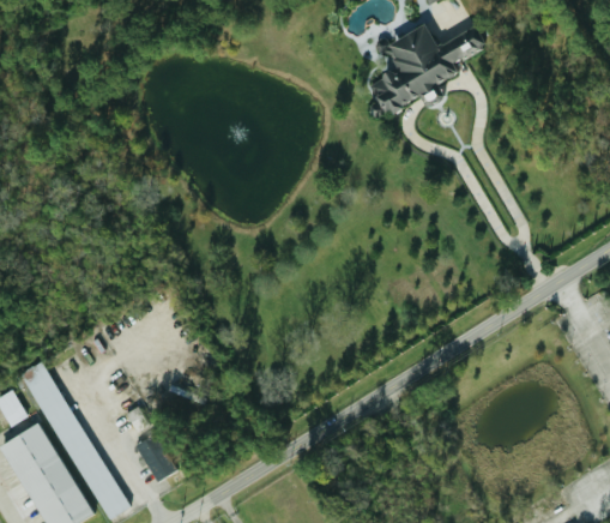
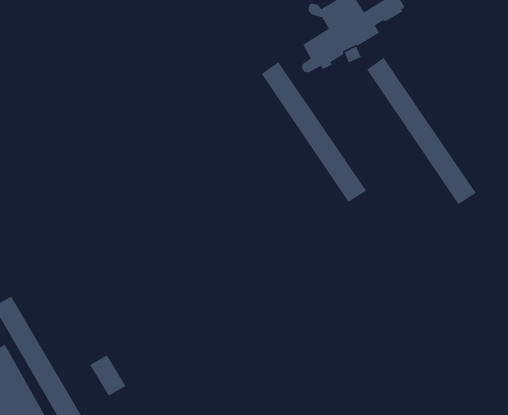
building: none -> [366,57,477,205]
building: none -> [261,61,367,203]

